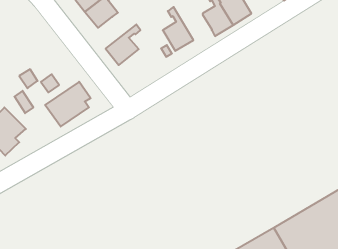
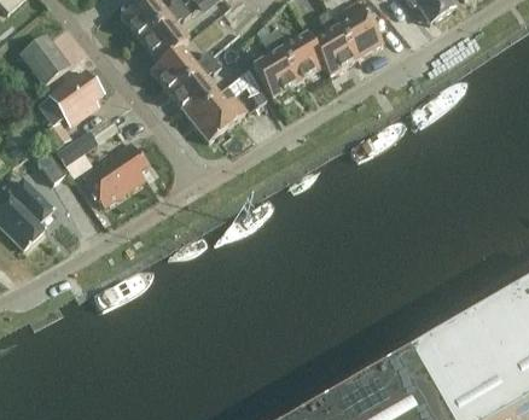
building: none -> [268,27,324,80]
building: none -> [21,34,68,83]
building: none -> [150,46,214,92]
building: none -> [48,69,103,123]
building: none -> [188,93,245,140]

